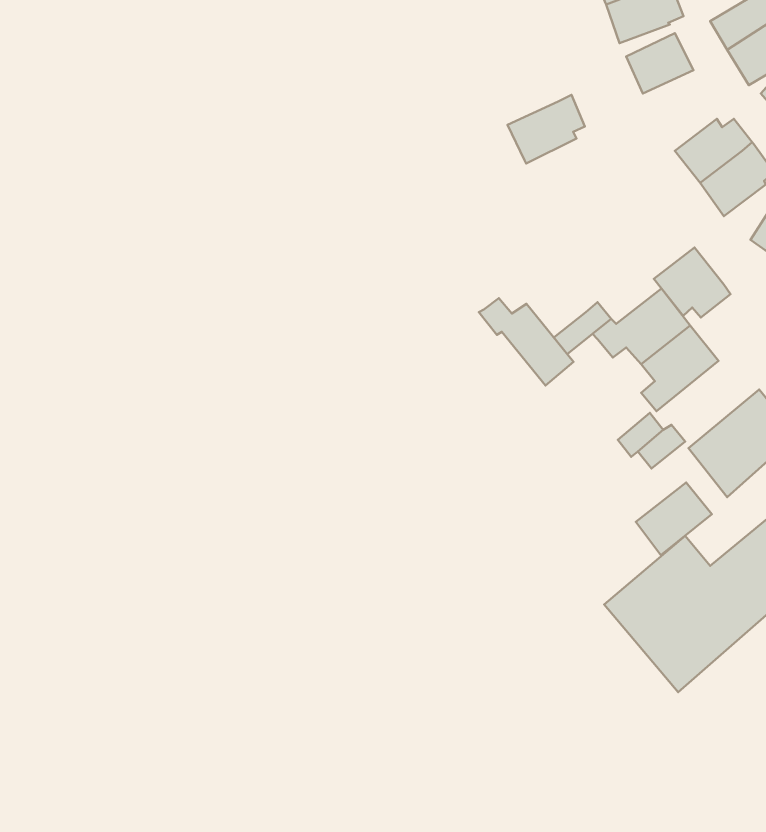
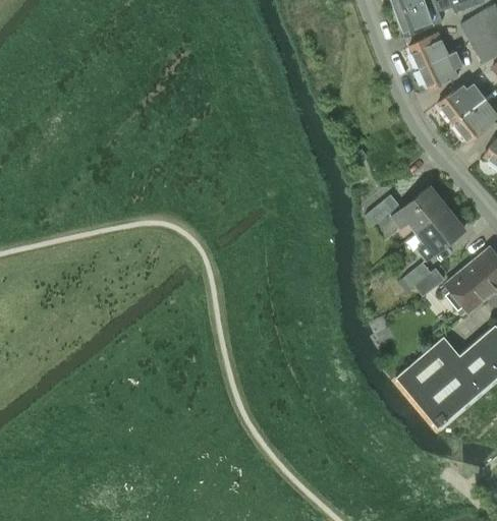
building: [508,95,585,164] -> [419,50,465,92]
building: [654,247,731,317] -> none
building: [479,298,573,385] -> none
building: [636,483,712,555] -> none

